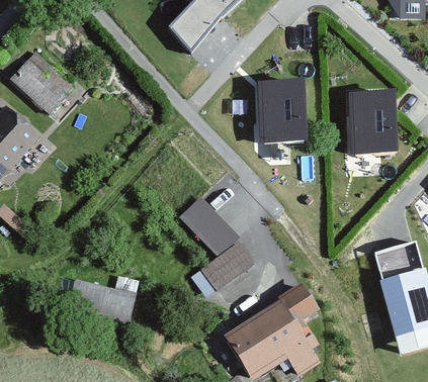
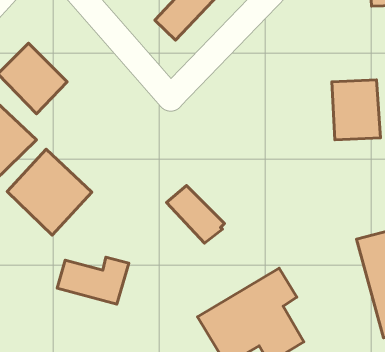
building: [260,79,305,141] -> none
building: none -> [7,149,92,235]
building: [202,242,252,288] -> none

